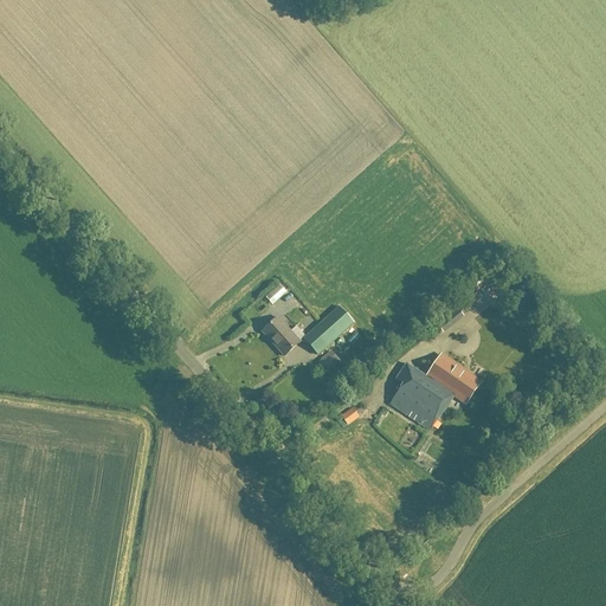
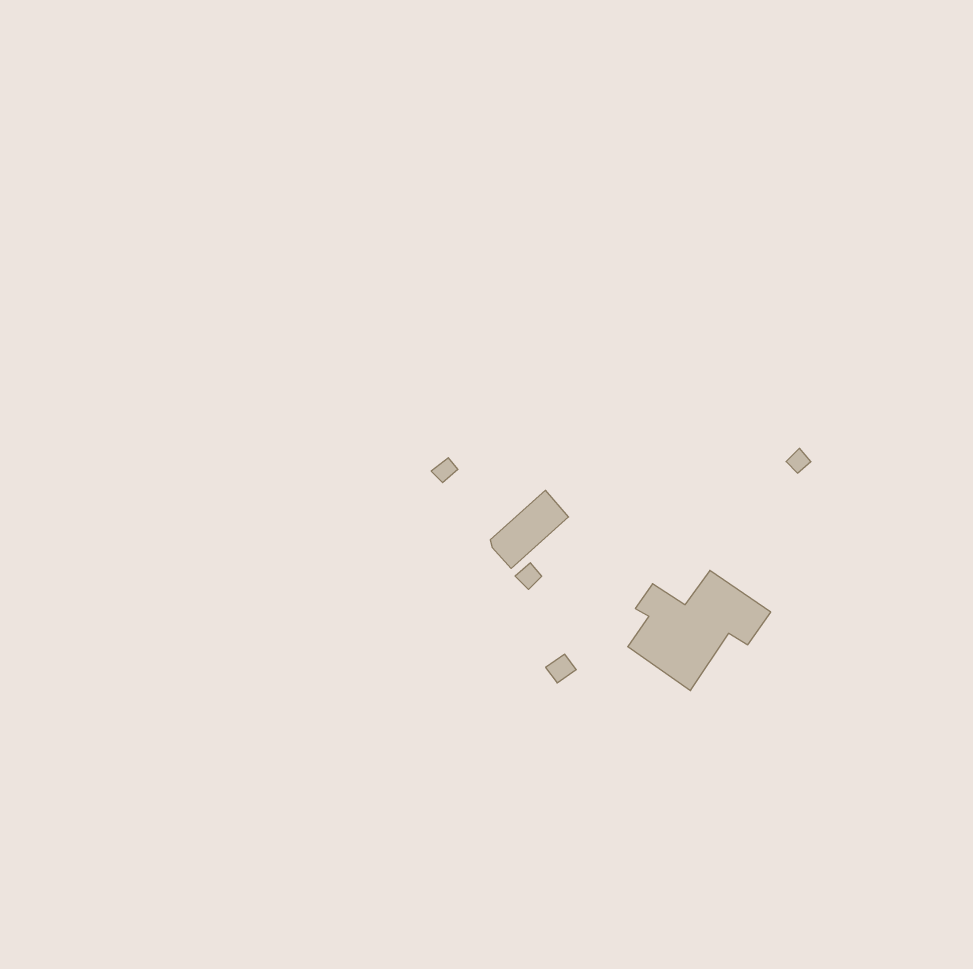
building: [260,315,305,354] -> none

